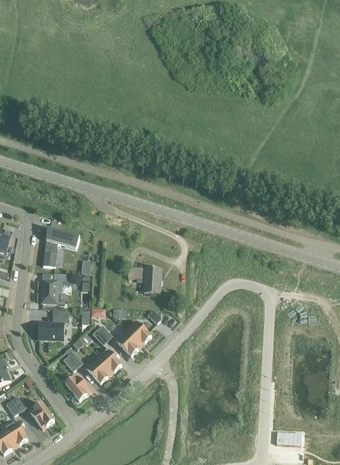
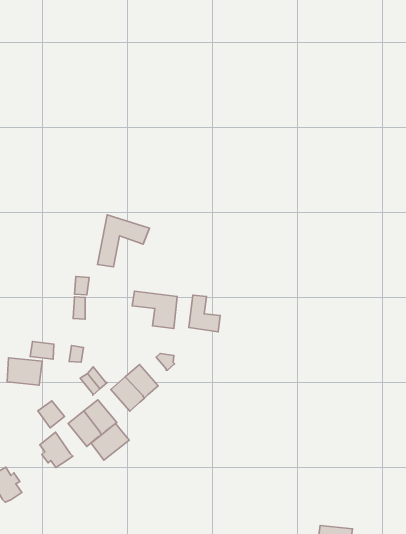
building: [42,228,79,266] -> [97,215,150,267]
building: none -> [189,295,220,332]
building: [40,273,71,303] -> none
building: none -> [91,424,129,460]

